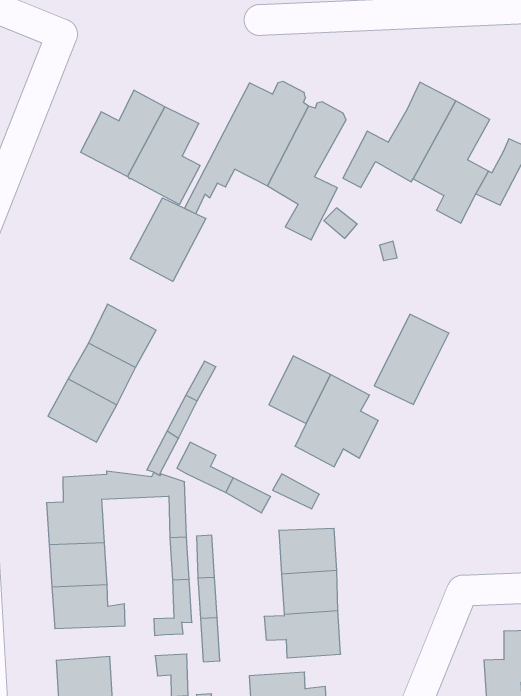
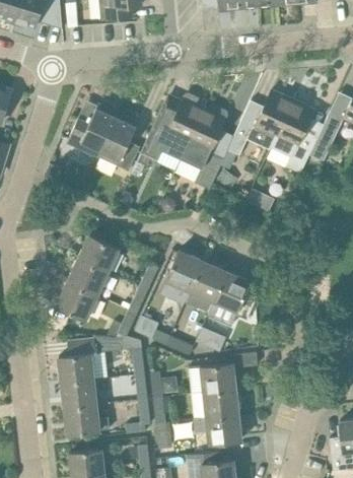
building: [130,198,206,281] -> none
building: [374,314,449,405] -> [159,250,203,304]

